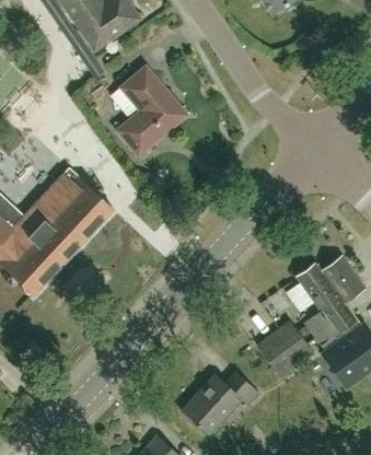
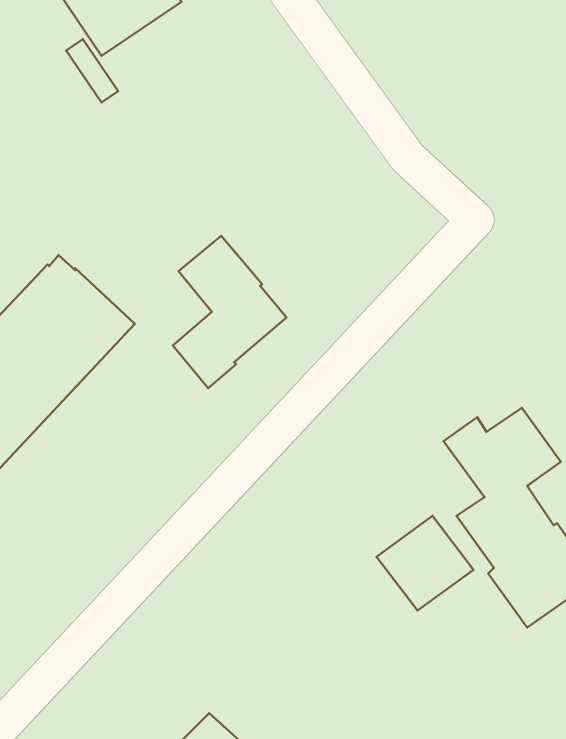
building: [117,66,184,155] -> [173,236,286,388]
building: [181,371,259,434] -> none

